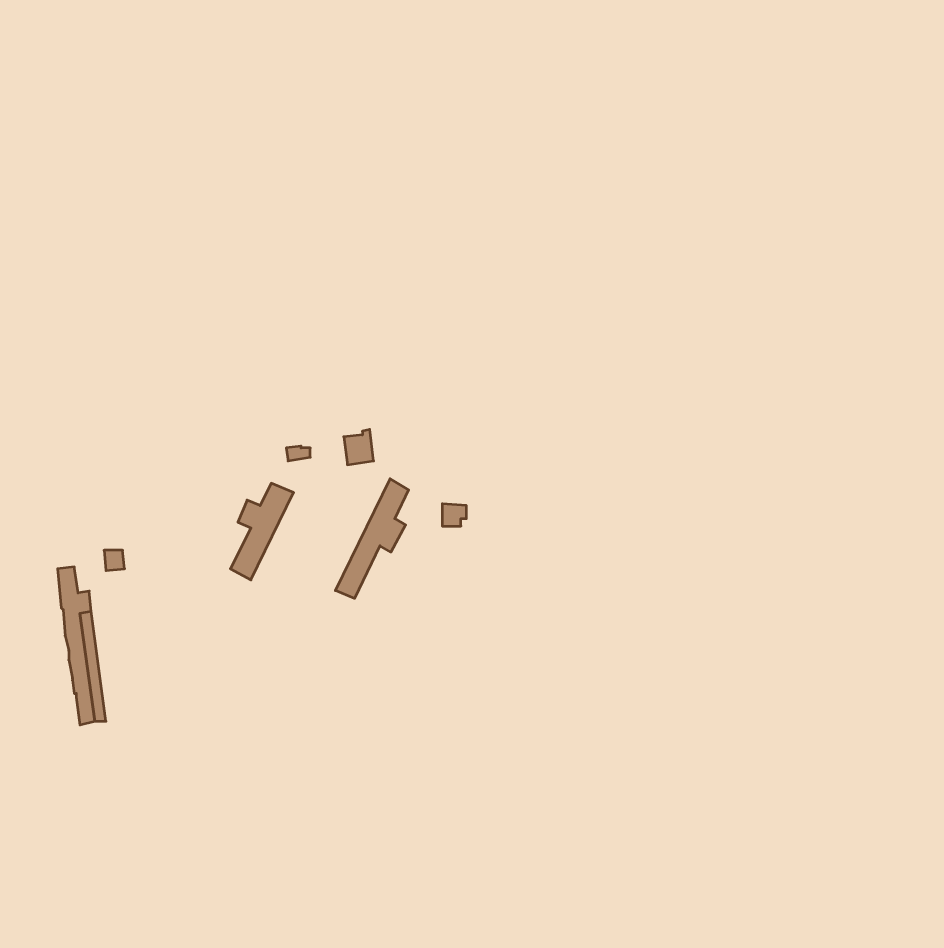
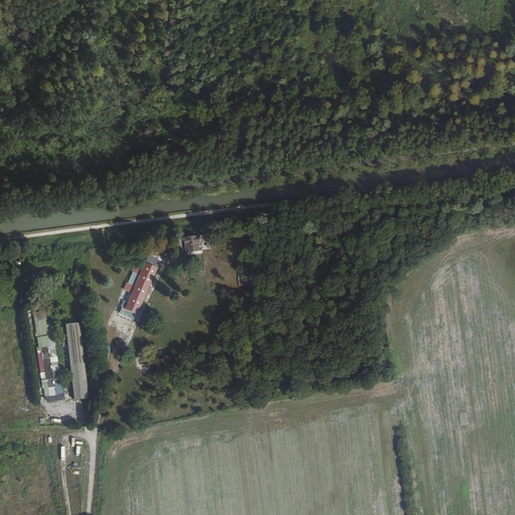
building: [335,479,409,598] -> none
building: none -> [64,319,85,395]

